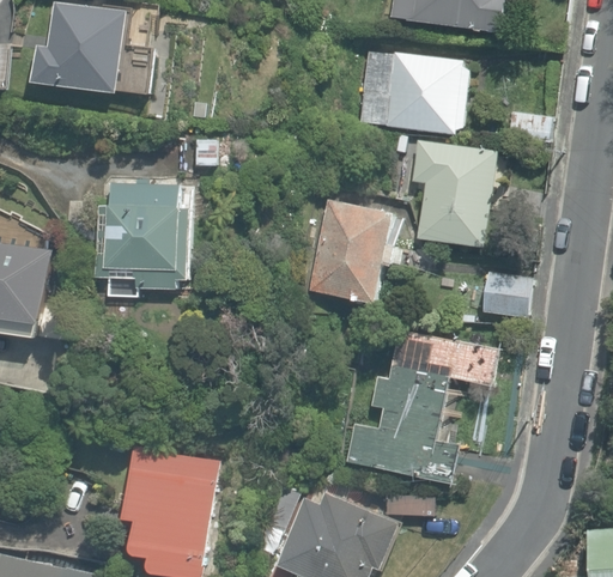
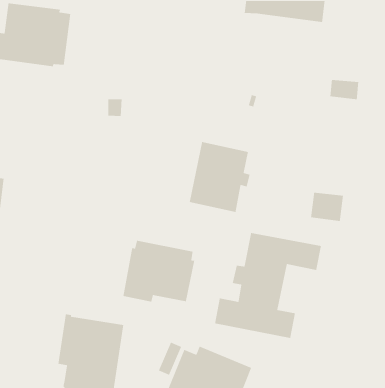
building: [356,51,467,134] -> none
building: [411,140,496,248] -> none
building: [104,183,189,290] -> none
building: none -> [122,240,195,302]

